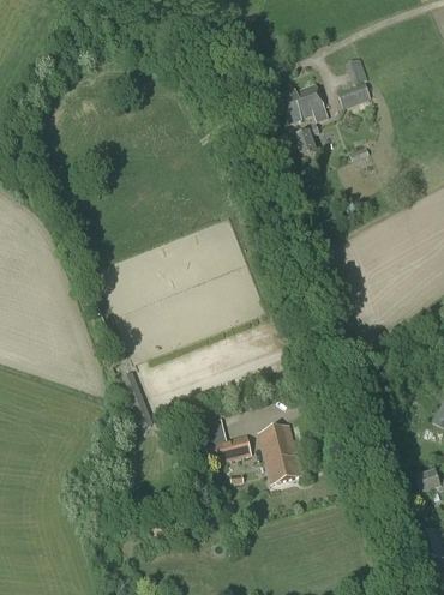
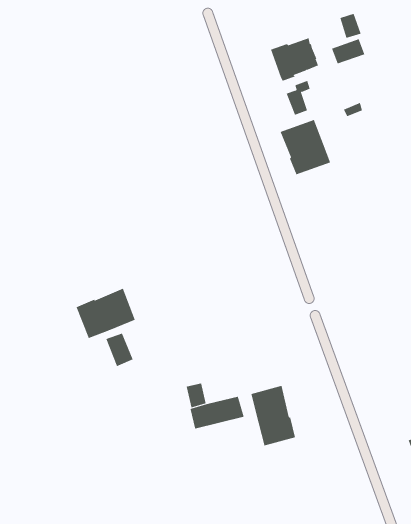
building: none -> [280,119,331,175]
building: none -> [76,288,136,339]

